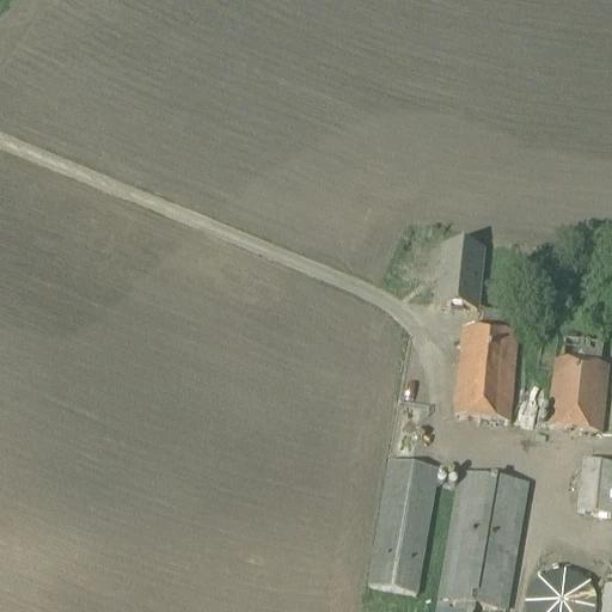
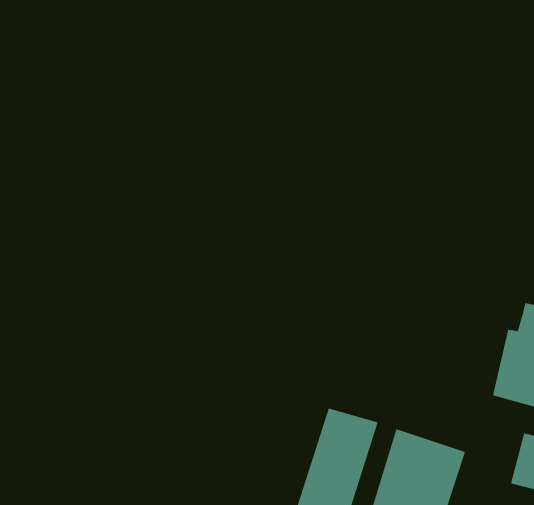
building: [439,241,485,306] -> none
building: [454,306,522,418] -> none

